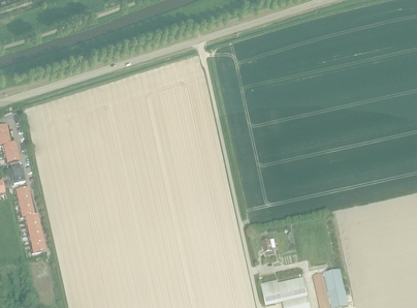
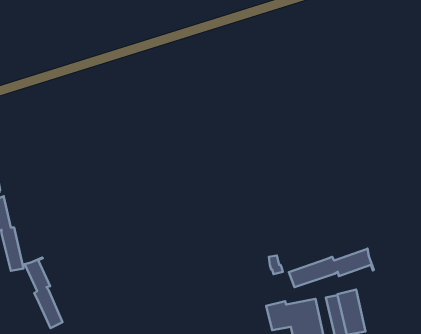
building: none -> [289,248,374,287]
building: none -> [25,257,63,328]

